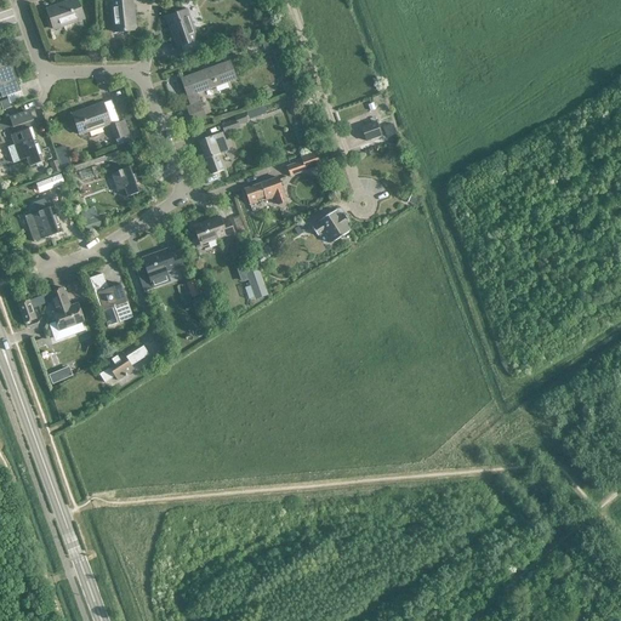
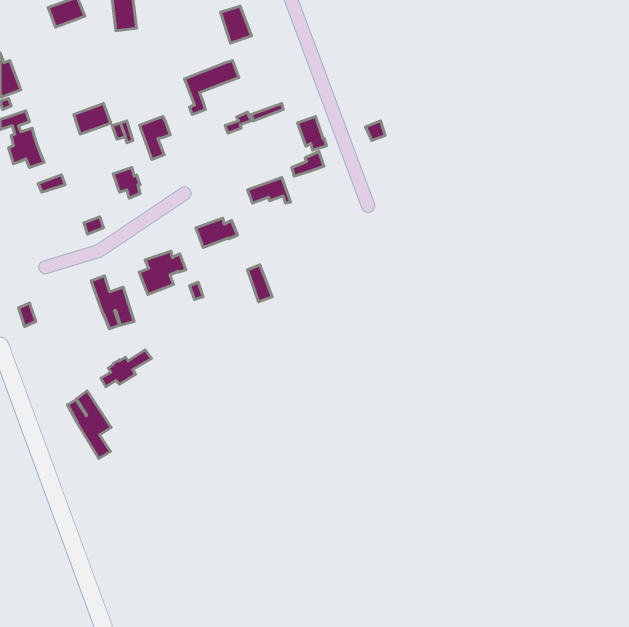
building: [167,8,198,45] -> [221,6,251,43]
building: none -> [297,117,326,150]
building: [199,131,229,173] -> [139,116,170,160]
building: [24,194,59,240] -> none
building: [312,207,351,241] -> none
building: [49,286,84,330] -> none
building: none -> [67,391,111,459]

